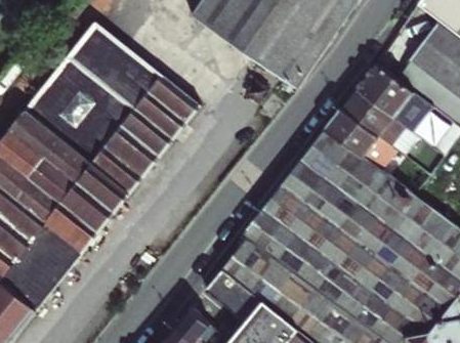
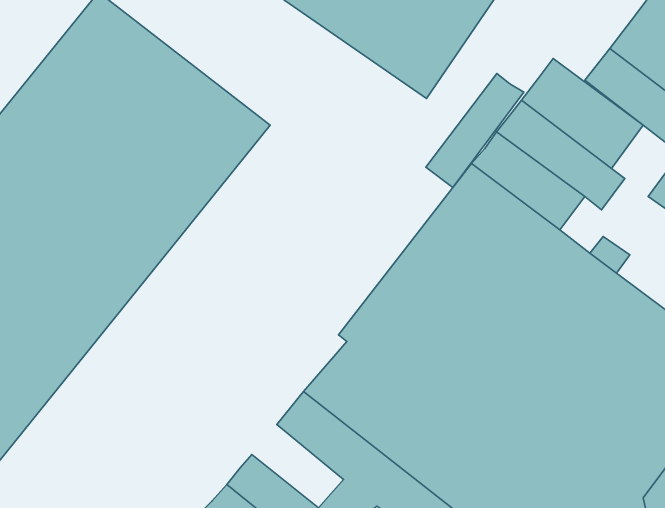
building: none -> [426,74,524,187]

